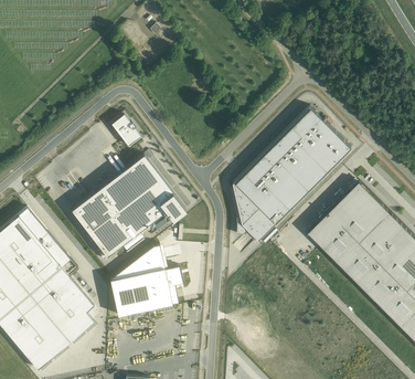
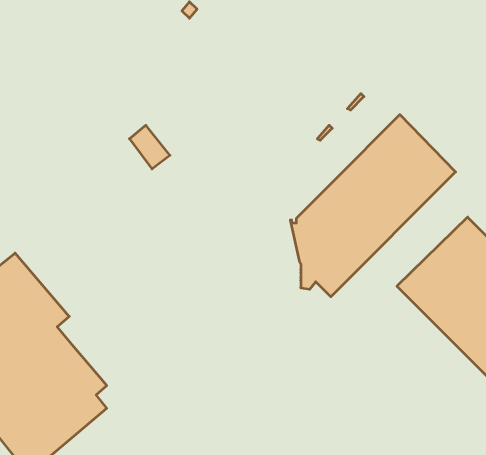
building: [71,155,187,261] -> none
building: [110,245,182,316] -> none

